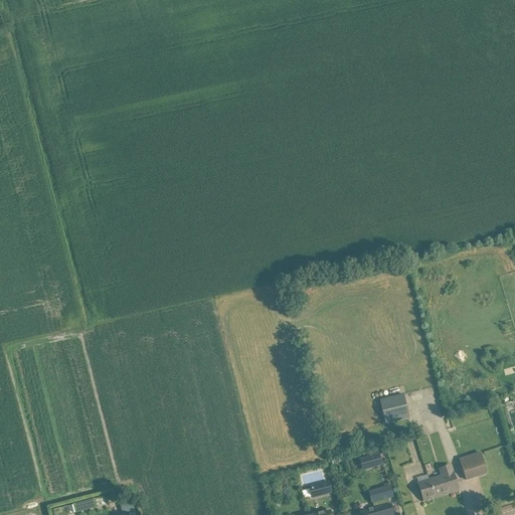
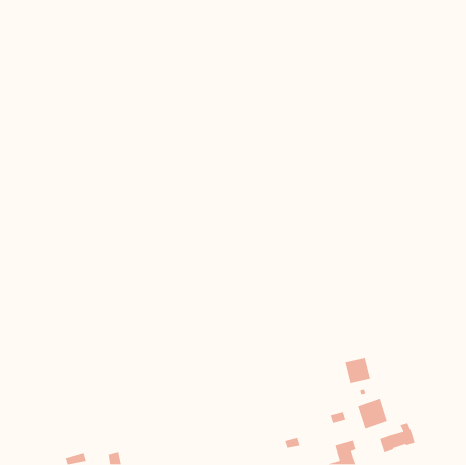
building: none -> [357,398,388,430]
building: [459,452,487,478] -> none

